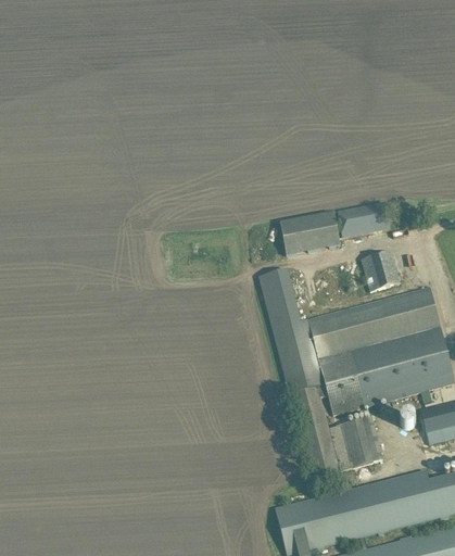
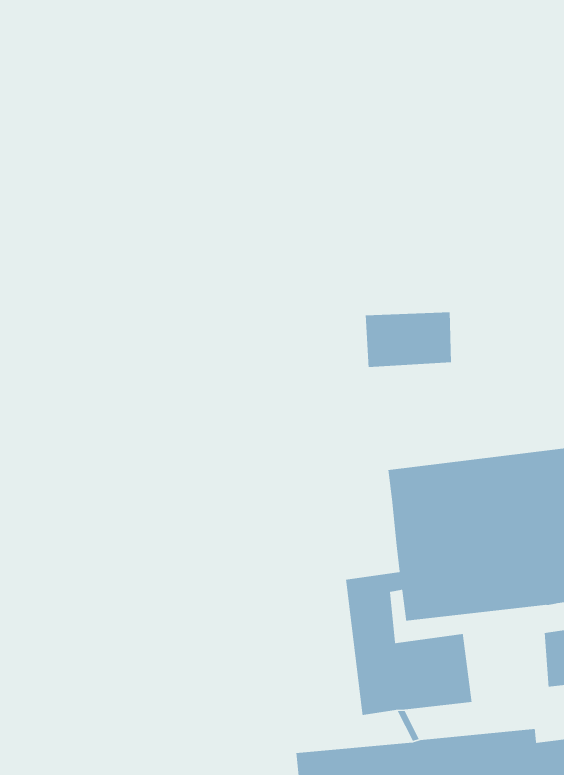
building: [338,202,391,237] -> none
building: [361,250,400,291] -> none
building: [260,269,325,392] -> none

